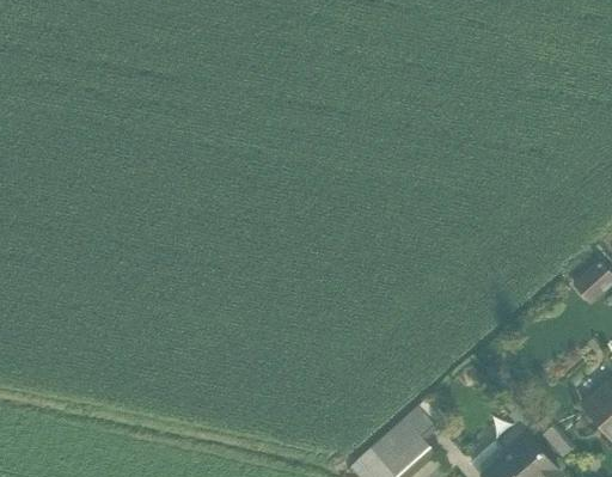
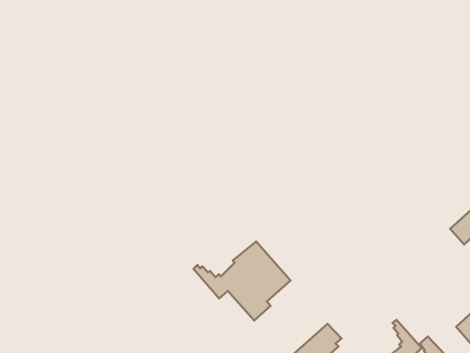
building: none -> [194,242,291,320]

